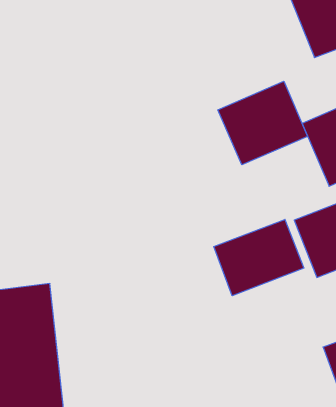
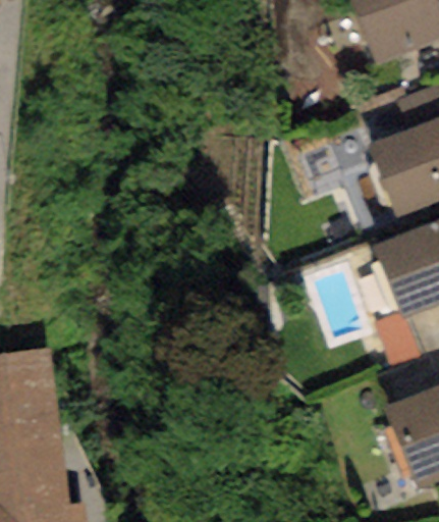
building: [218,81,307,165] -> none
building: [214,219,304,296] -> none

